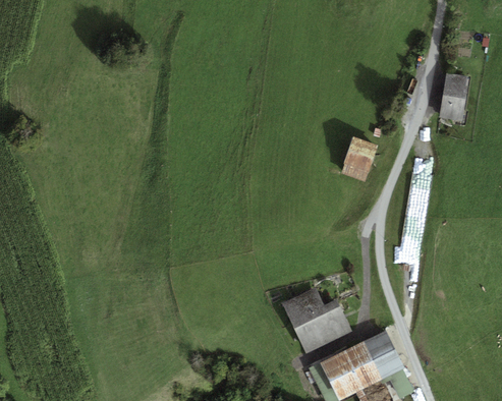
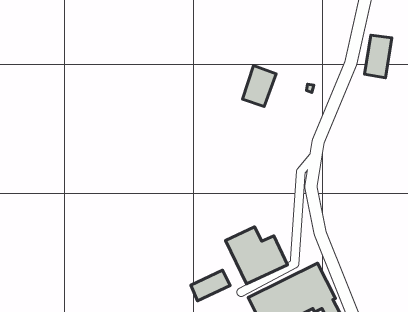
building: [340,135,378,181] -> [243,66,276,106]
building: none -> [191,270,230,301]

